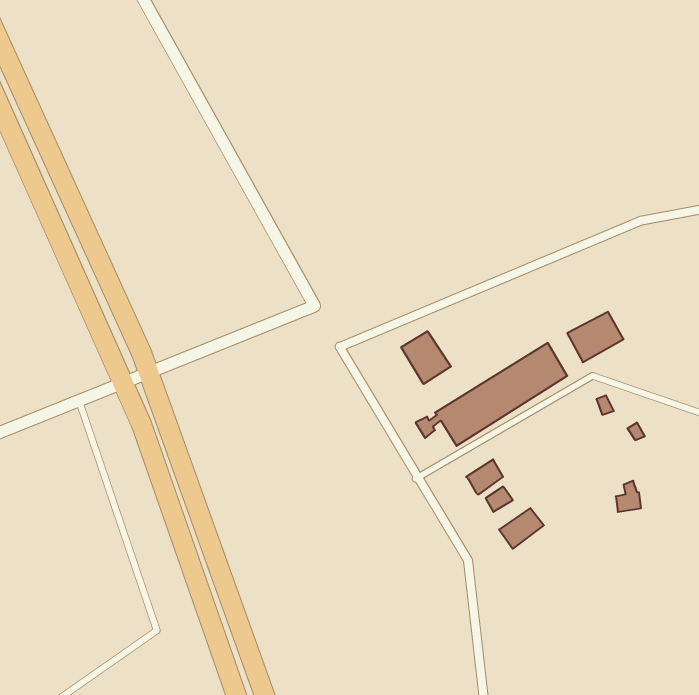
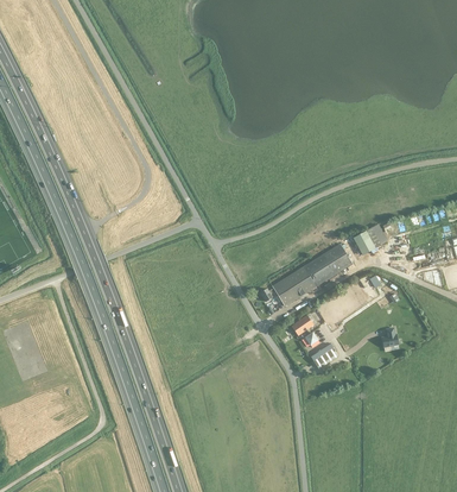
building: [401,331,451,384] -> none

